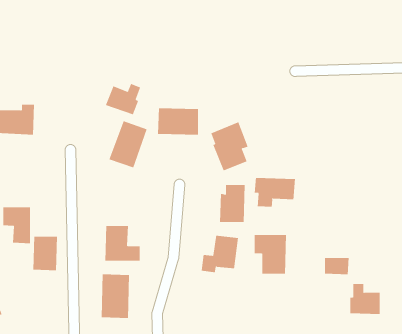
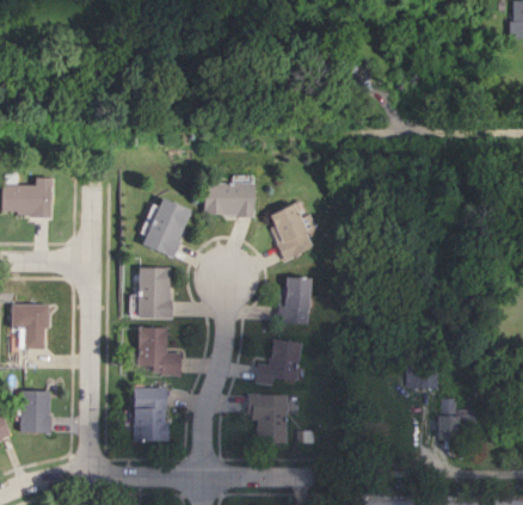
building: [105,83,141,115] -> none
building: none -> [137,267,170,319]
building: [254,177,295,208] -> none
building: [254,235,287,274] -> [248,394,289,443]
building: [33,236,58,271] -> [20,390,51,433]

